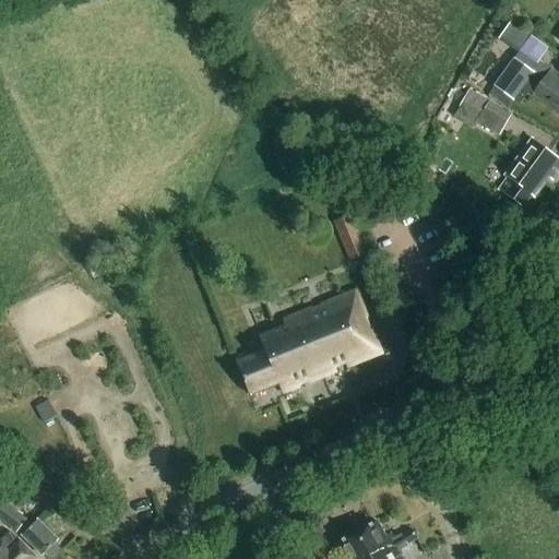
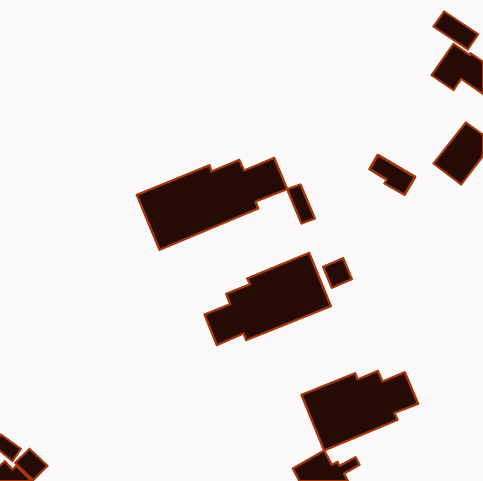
building: [456,85,509,131] -> [369,155,415,195]
building: none -> [137,158,287,250]
building: none -> [323,258,352,288]
building: none -> [301,371,418,451]

